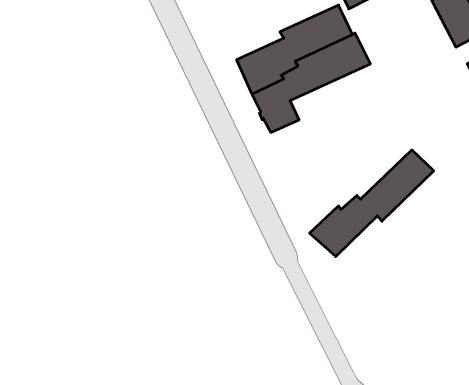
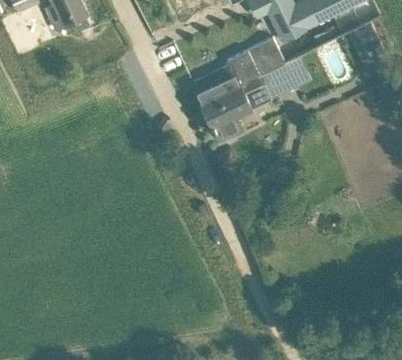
building: [310,150,434,257] -> none

